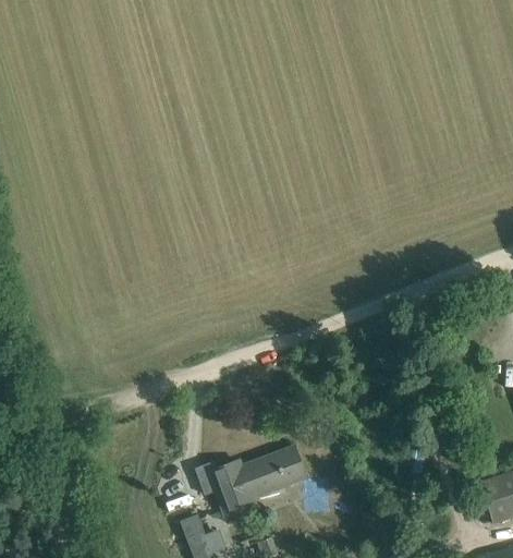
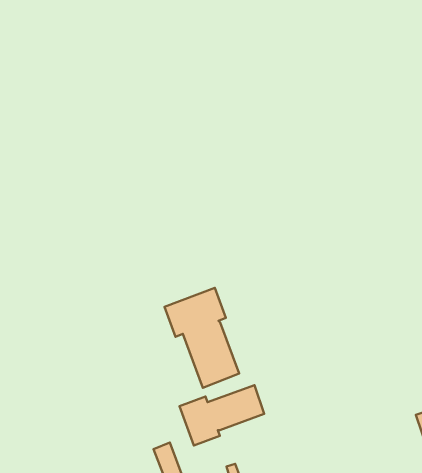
building: none -> [164,288,239,388]

